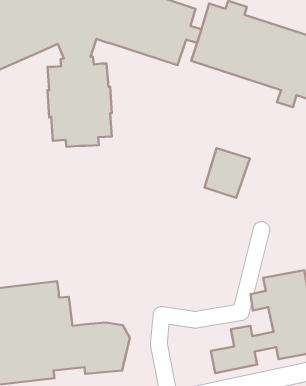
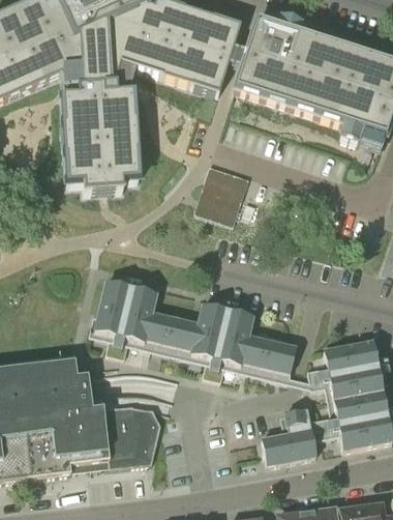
building: [204,148,250,198] -> [195,163,250,223]
building: none -> [92,280,295,380]

